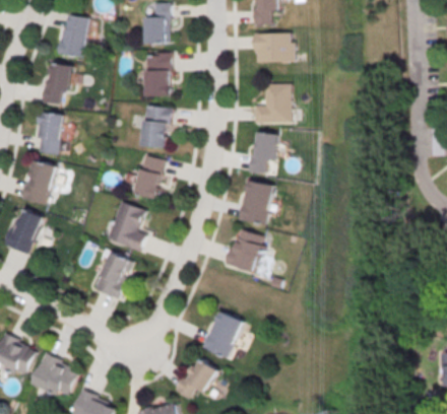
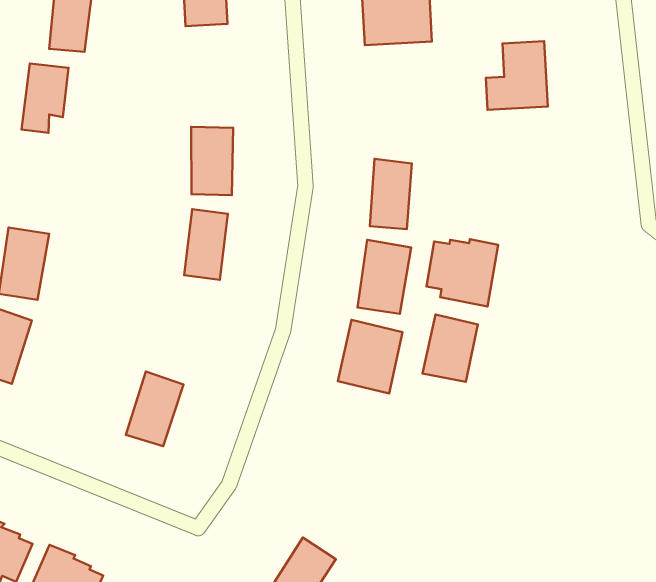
building: [145,53,170,96] -> none
building: [253,83,290,123] -> [486,41,548,110]
building: [38,113,62,154] -> none
building: none -> [426,239,498,306]
building: [106,202,145,251] -> none
building: none -> [423,315,478,382]
building: [203,310,243,359] -> none

